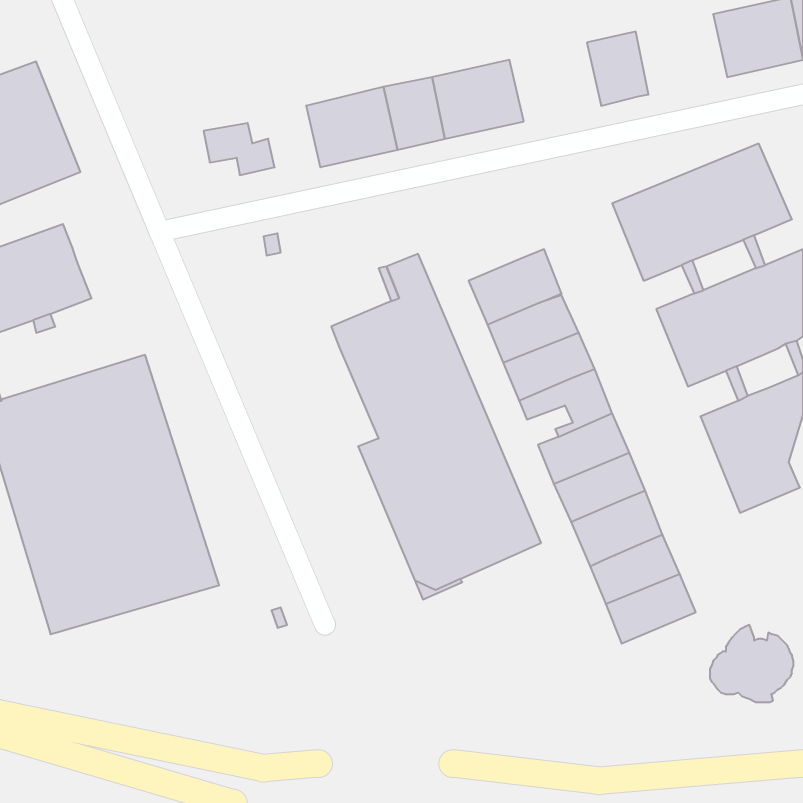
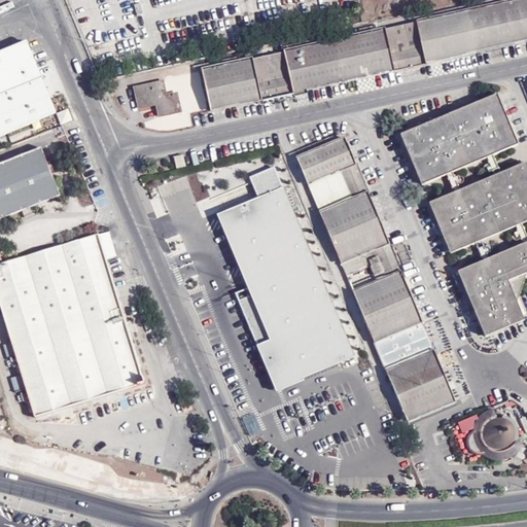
building: none -> [415,9,475,62]
building: none -> [332,28,392,79]
building: none -> [294,136,355,183]

